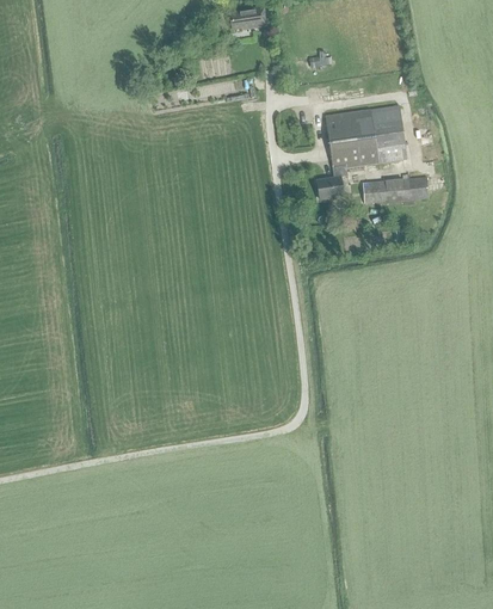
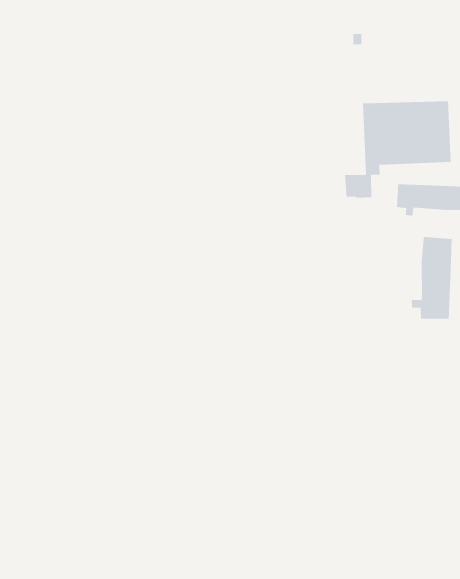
building: none -> [411,236,452,320]

